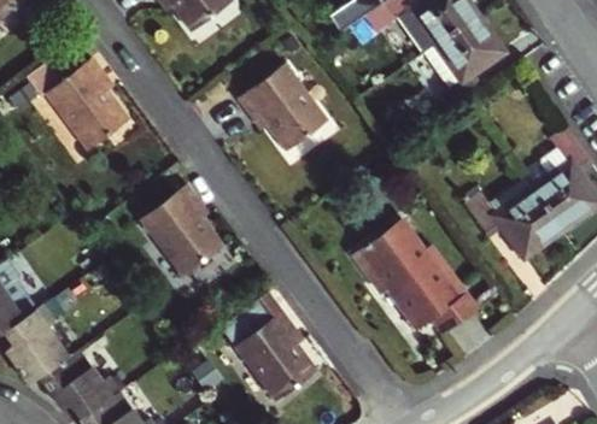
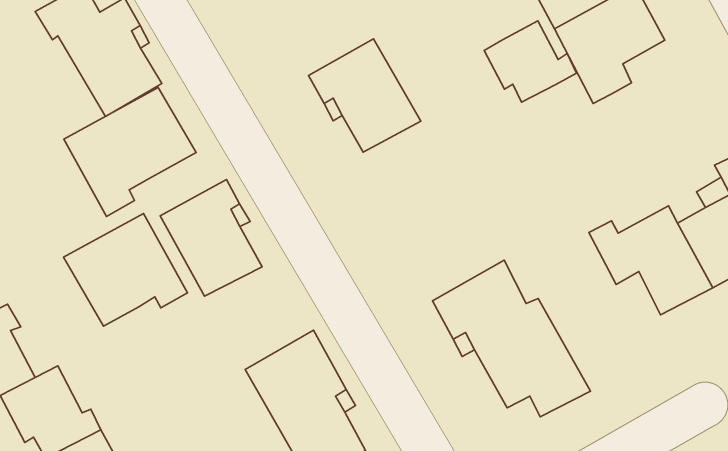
building: none -> [484,21,576,102]
building: none -> [64,88,196,217]
building: none -> [64,213,187,326]

